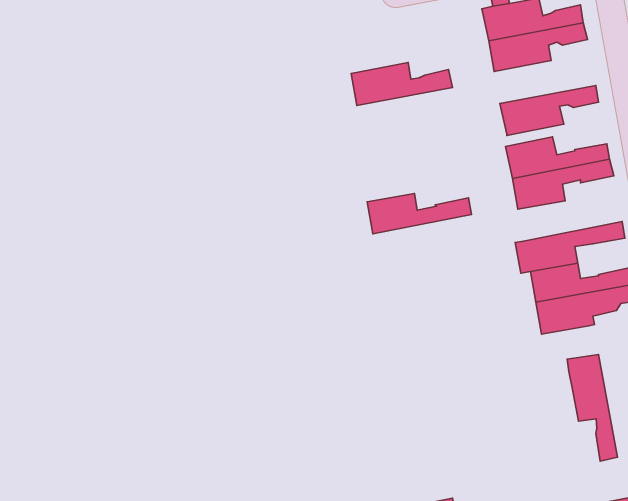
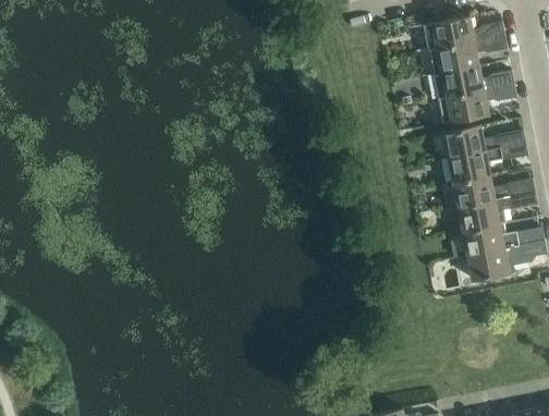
building: [351,63,453,106] -> [435,65,514,99]
building: [367,194,471,234] -> [453,175,535,207]
building: [567,354,617,461] -> none

